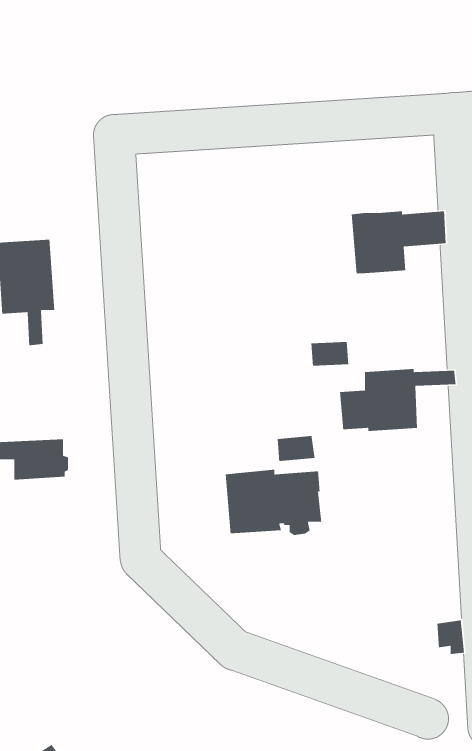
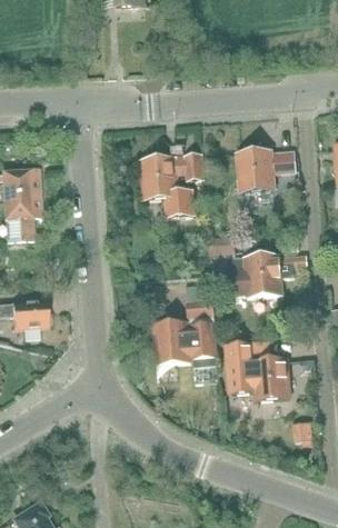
building: none -> [141,153,202,216]
building: none -> [225,340,289,399]

